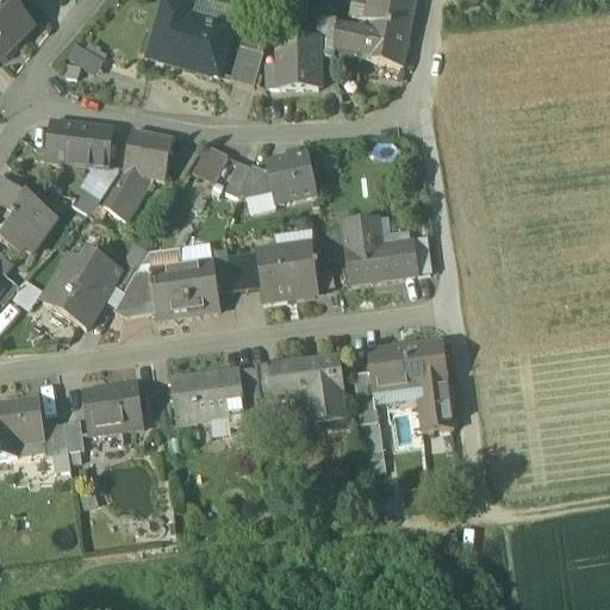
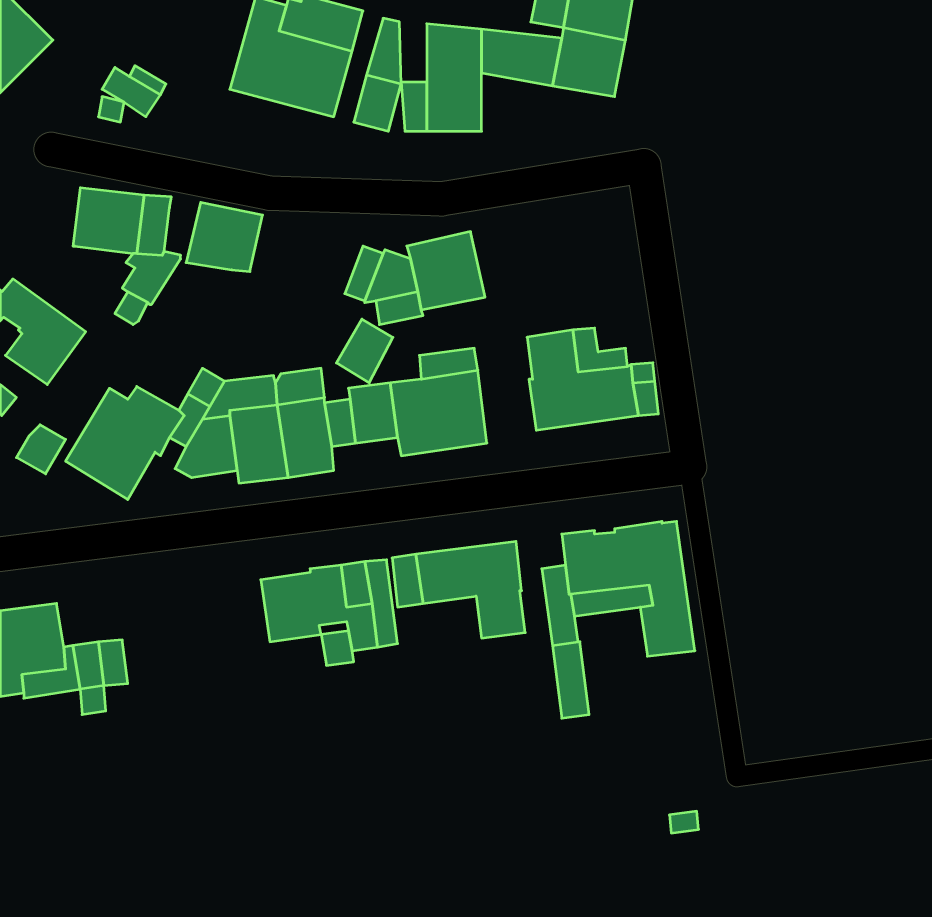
building: [191,145,228,187] -> [336,319,393,383]
building: [104,172,151,217] -> none
building: [82,381,143,431] -> none

